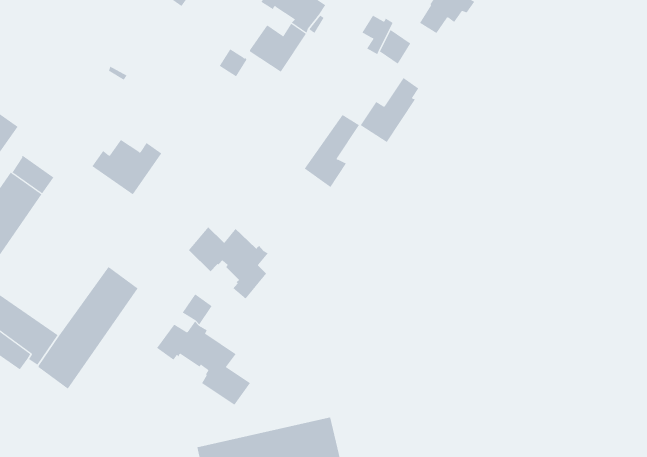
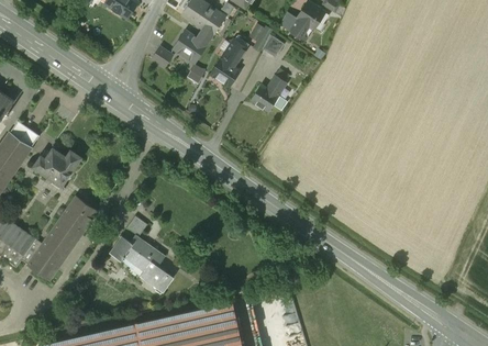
building: [304,114,360,188] -> [210,36,248,87]
building: [92,139,162,195] -> [33,148,81,187]
building: [188,226,269,300] -> none

